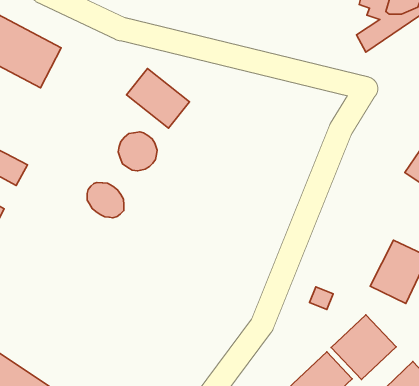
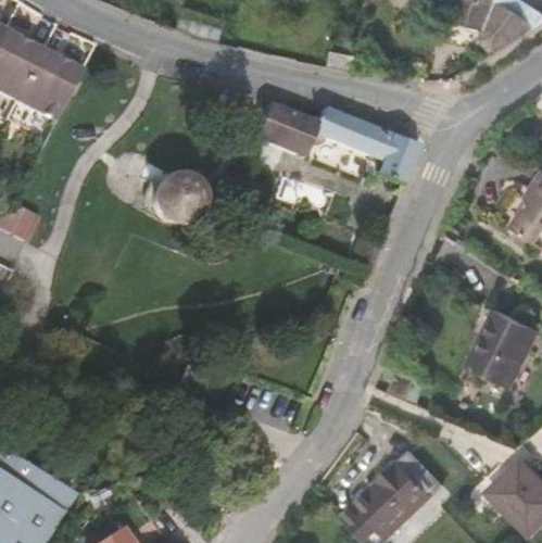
building: [126,68,189,128] -> none
building: none -> [259,101,418,182]
building: [87,182,124,218] -> none
building: [331,315,396,380] -> none

